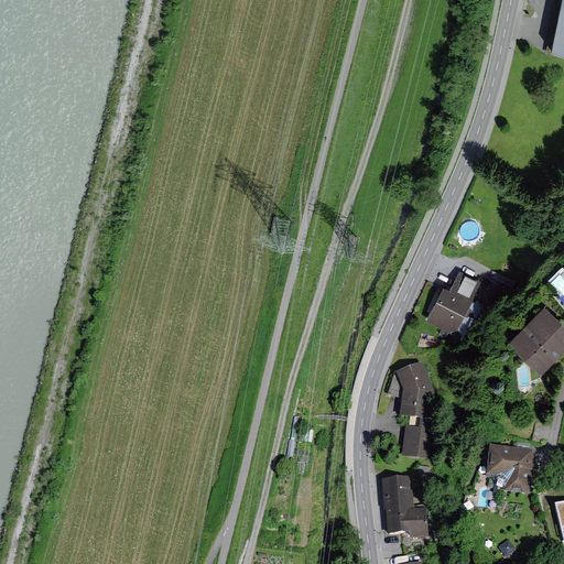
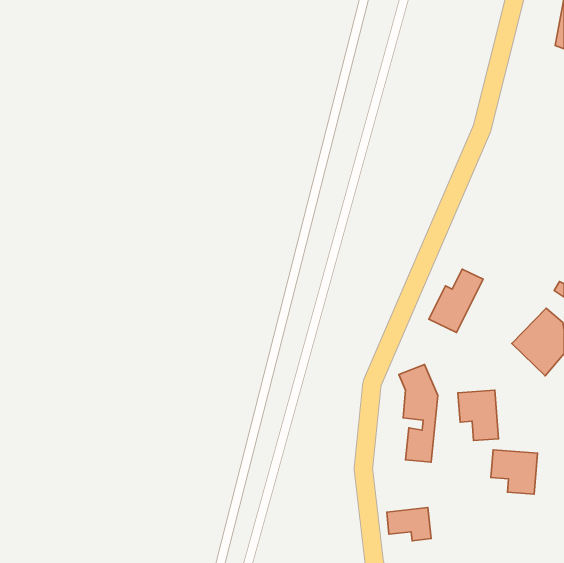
building: none -> [458,390,498,441]
building: [381,475,413,509] -> none

